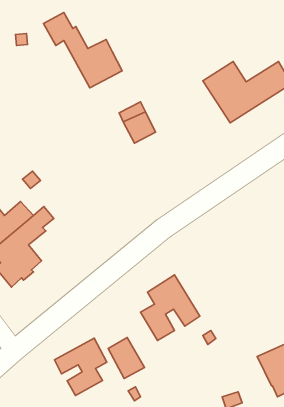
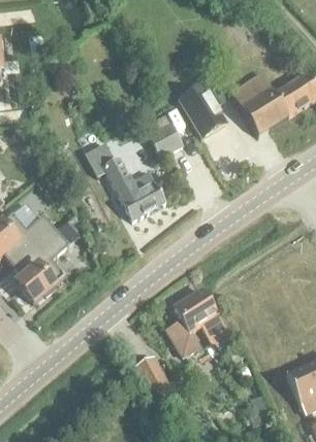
building: [44,12,122,88] -> [84,141,164,218]
building: none -> [178,82,225,136]
building: [55,338,107,395] -> none

